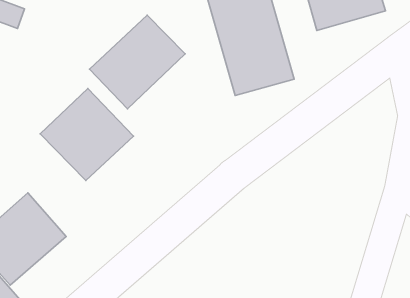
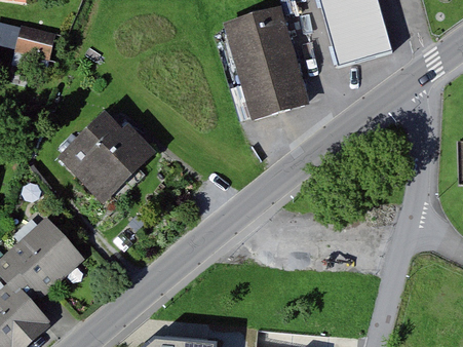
building: [89,15,185,109] -> none

